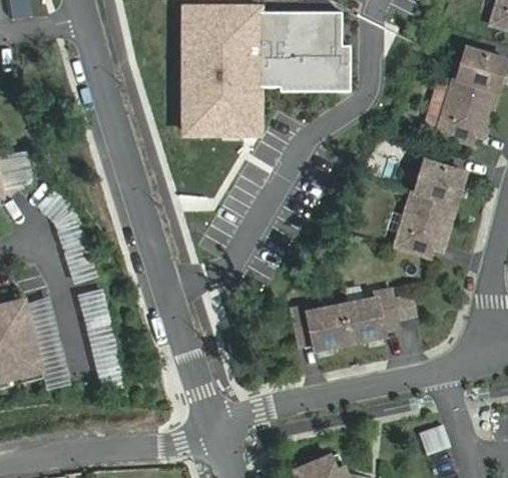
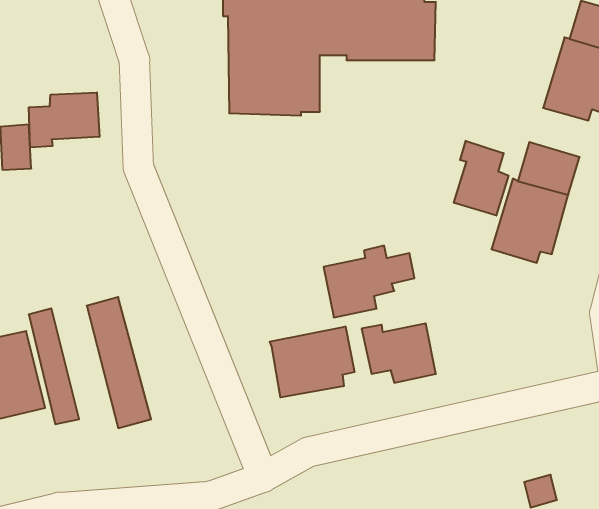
building: none -> [29,92,99,148]
building: none -> [454,141,509,216]
building: [343,285,415,342] -> [324,246,414,317]
building: none -> [270,326,355,397]

